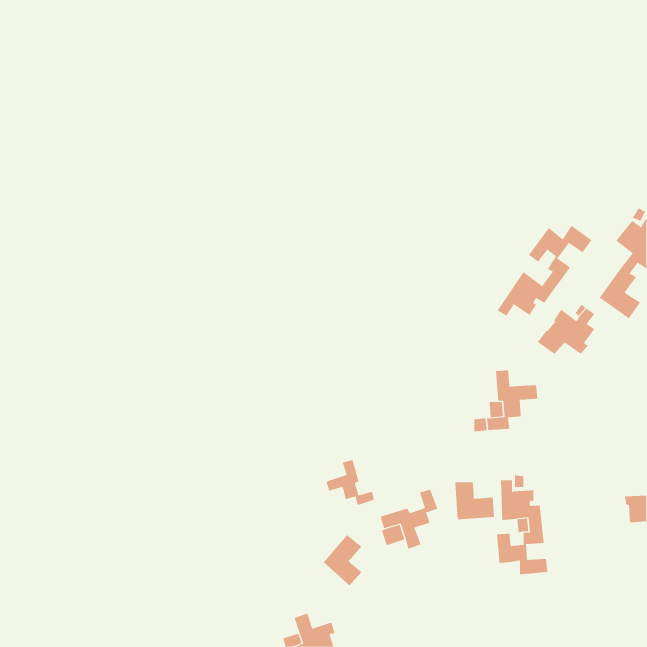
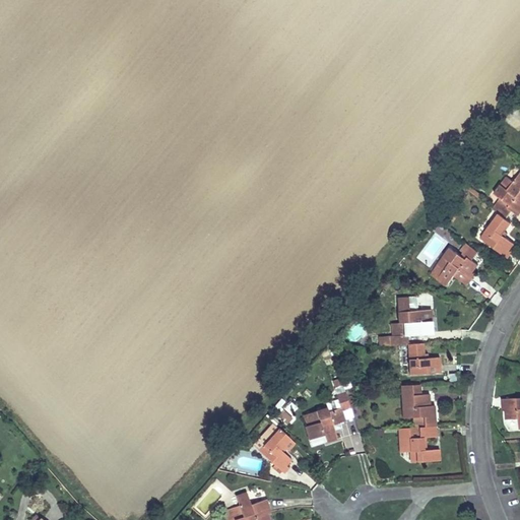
building: [497,225,592,316] -> none
building: [326,459,375,506] -> none
building: [454,482,495,520] -> [407,344,440,375]

